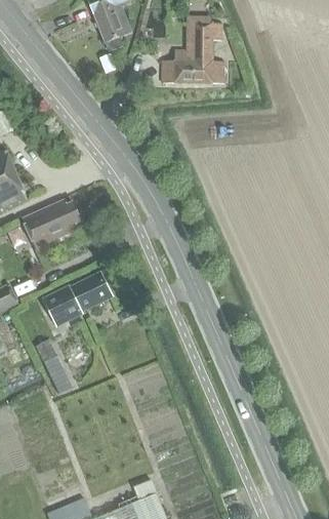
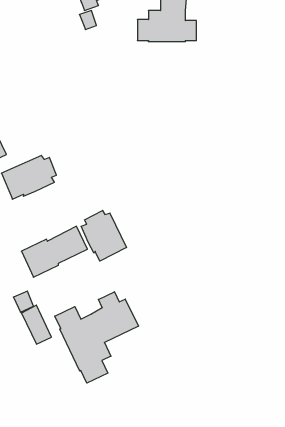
building: none -> [81,210,126,261]
building: none -> [55,292,138,383]

